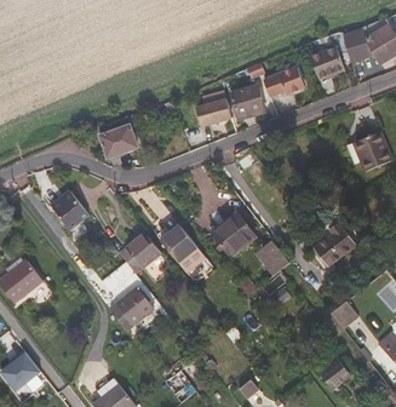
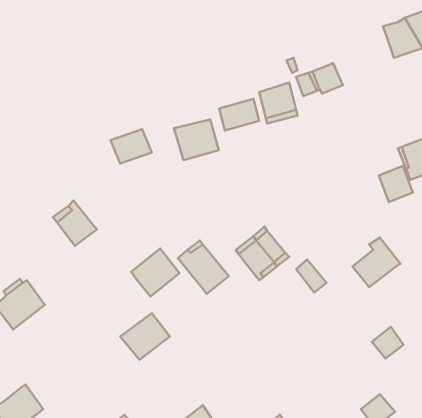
building: [299,38,344,78] -> none
building: none -> [174,120,219,160]
building: none -> [379,166,413,202]

